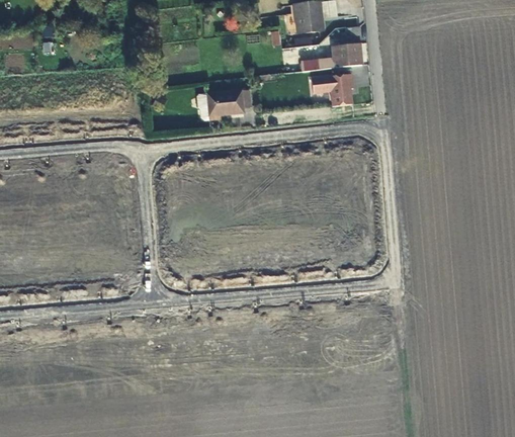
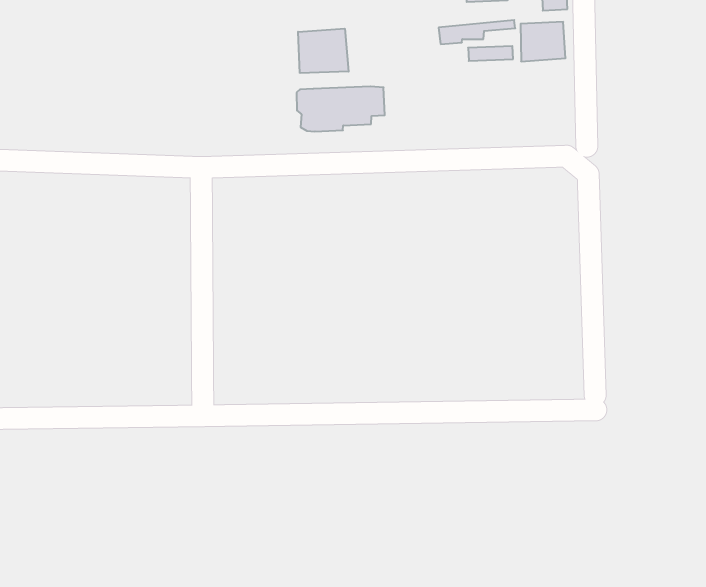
building: none -> [298,29,349,73]
building: [312,73,353,105] -> none

